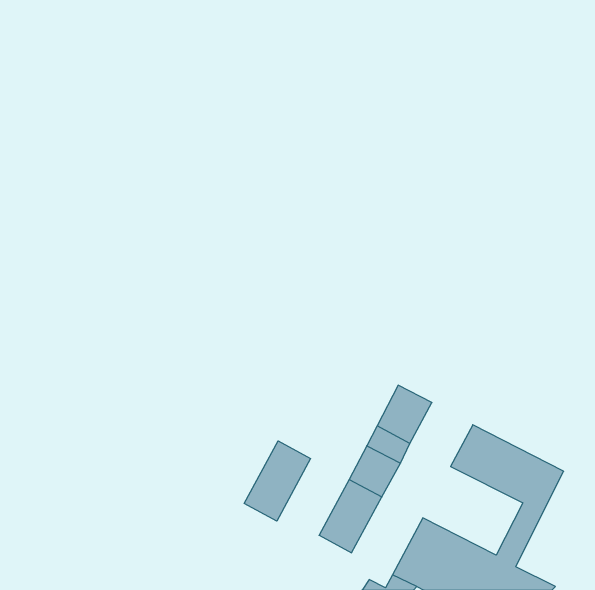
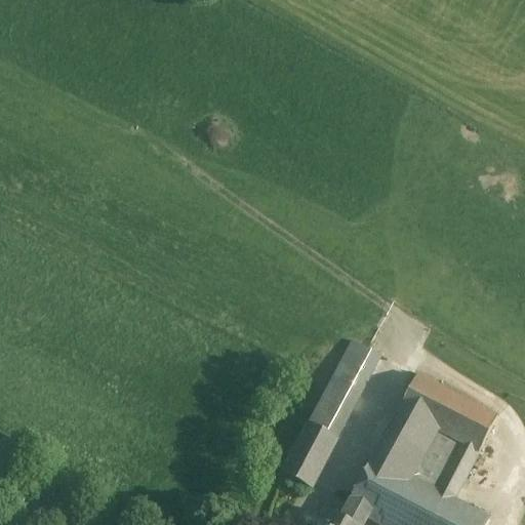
building: [244,441,311,521] -> none
building: none -> [372,411,460,489]

